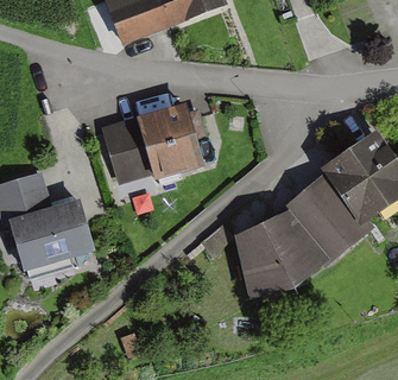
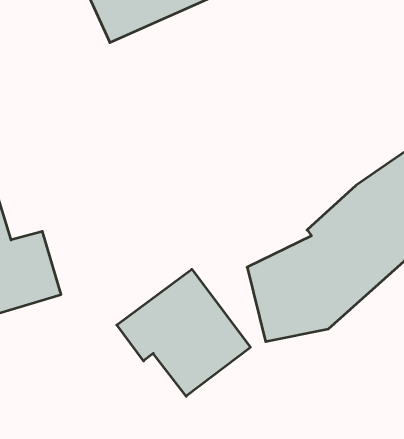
building: [101,104,208,179] -> none
building: none -> [117,269,250,396]

